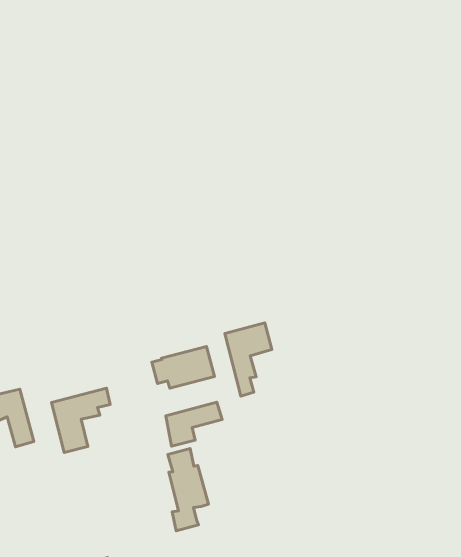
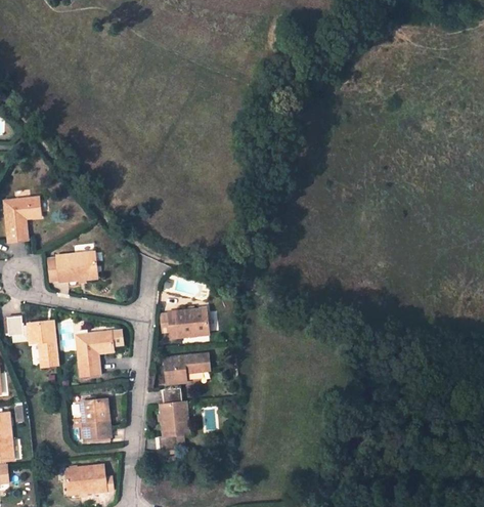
building: none -> [49,252,96,281]
building: [225,323,272,396] -> none
building: none -> [82,398,109,438]

